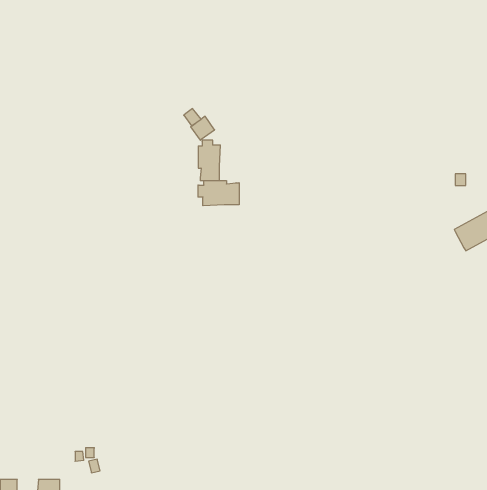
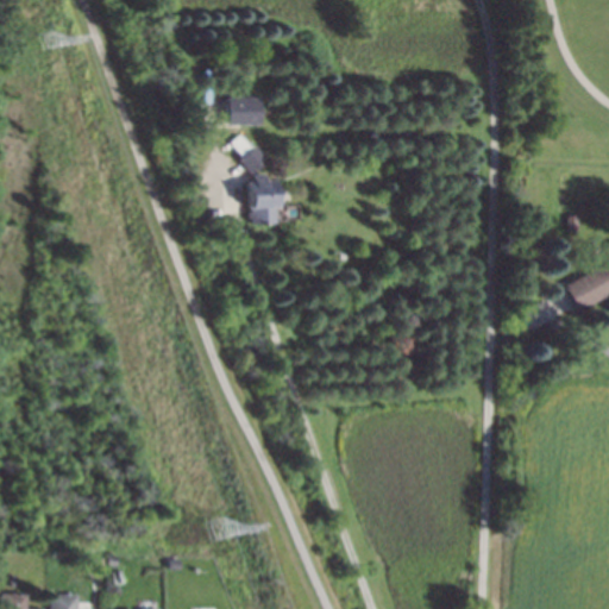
building: none -> [228,98,262,126]
building: [198,181,239,206] -> none

